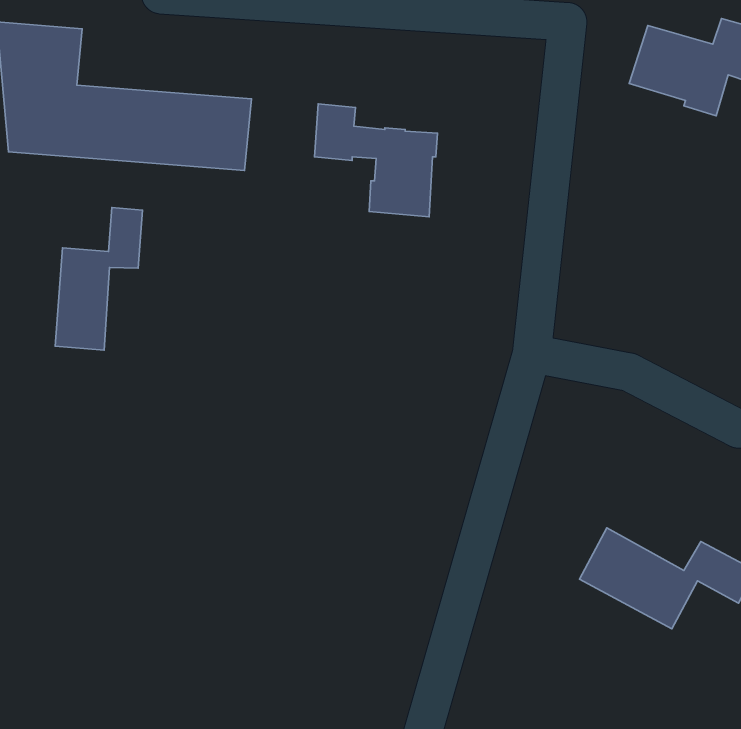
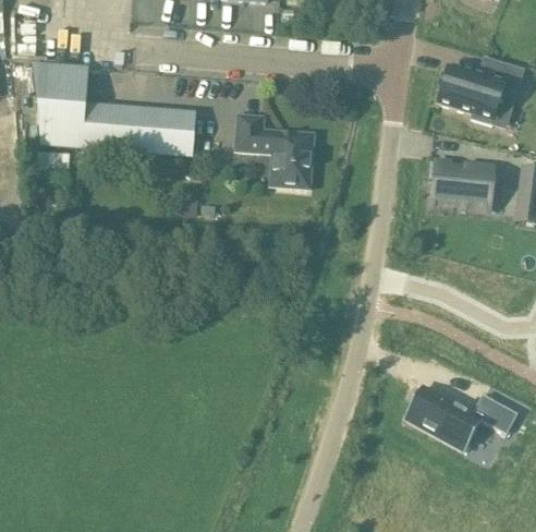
building: none -> [429,158,500,207]
building: [55,208,143,350] -> none

